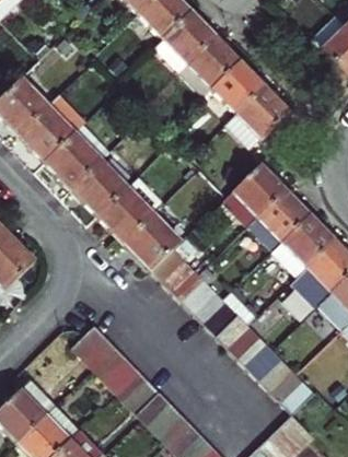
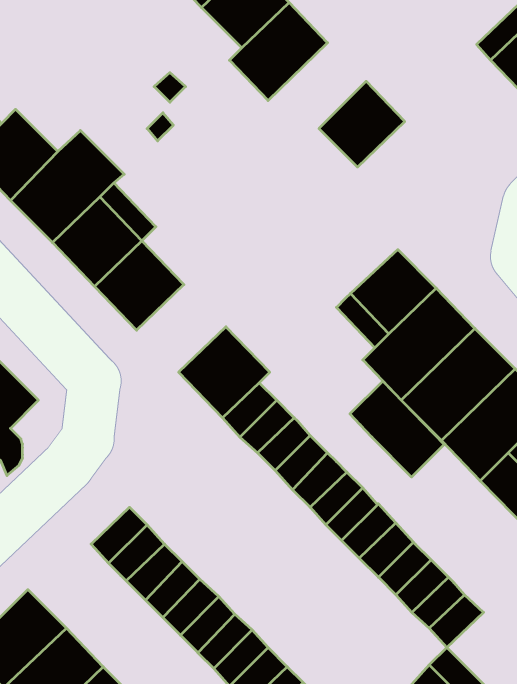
building: [181,37,242,97] -> none
building: [227,86,291,151] -> none
building: [98,178,164,243] -> none
building: none -> [350,381,444,477]

